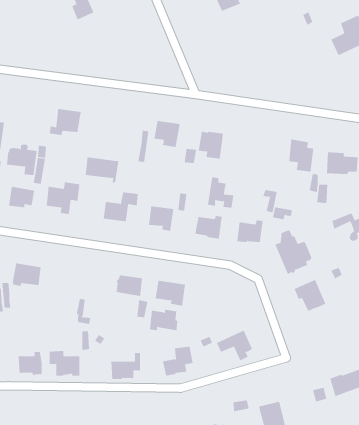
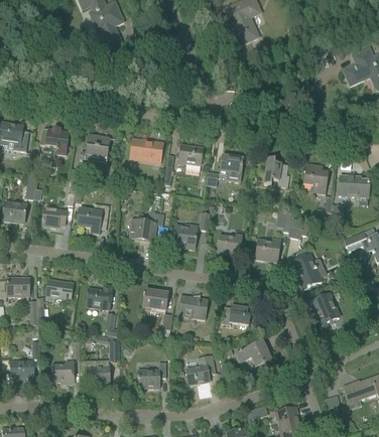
building: [6,144,38,176] -> [39,125,69,154]
building: [85,157,119,183] -> [130,138,162,162]
building: [207,177,234,208] -> [263,157,288,186]
building: none -> [86,285,111,307]
building: [149,309,178,331] -> [222,304,249,324]

